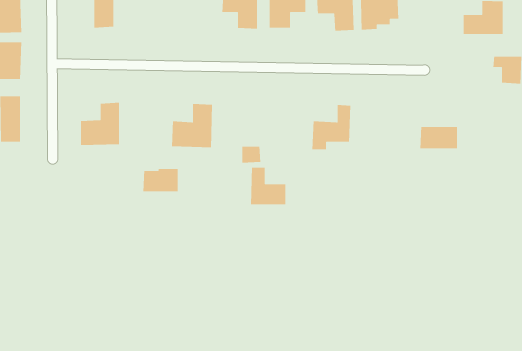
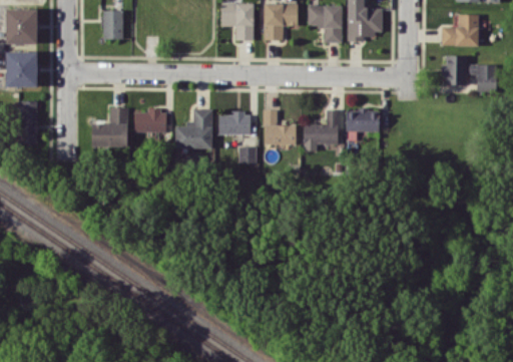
building: none -> [441,56,467,85]
building: none -> [218,112,250,135]
building: [420,126,458,149] -> [345,110,380,131]
building: [250,167,286,205] -> [263,110,296,145]
building: [142,168,179,192] -> [133,110,166,132]

